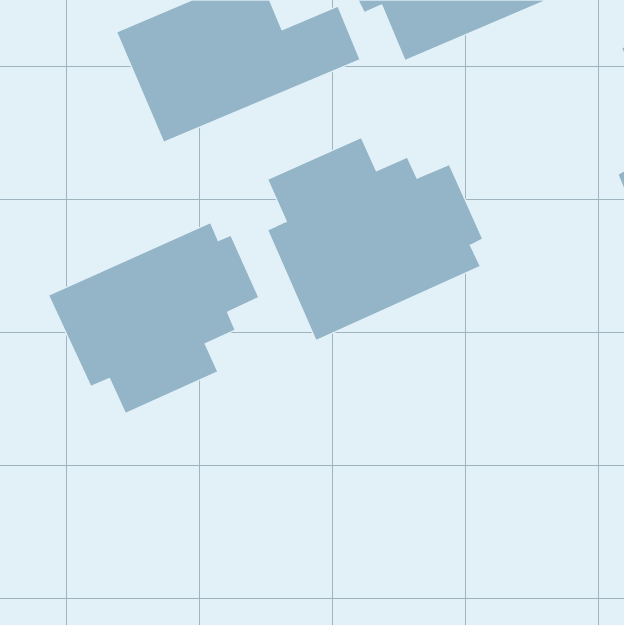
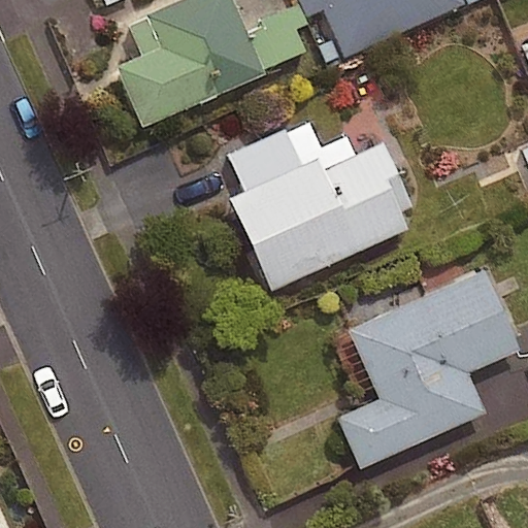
building: [49,223,259,414] -> none
building: none -> [337,267,522,466]

